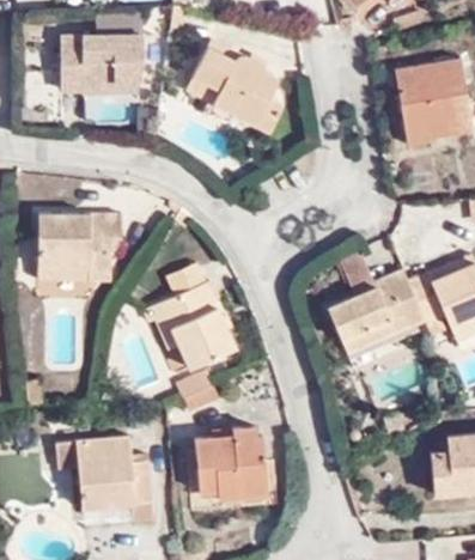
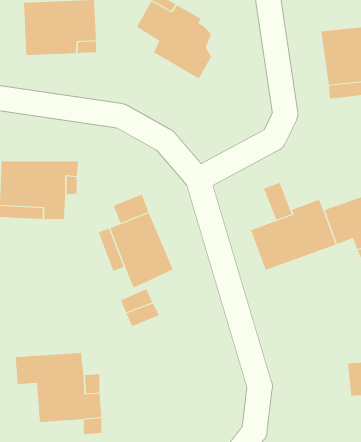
building: [194,427,262,495] -> none

